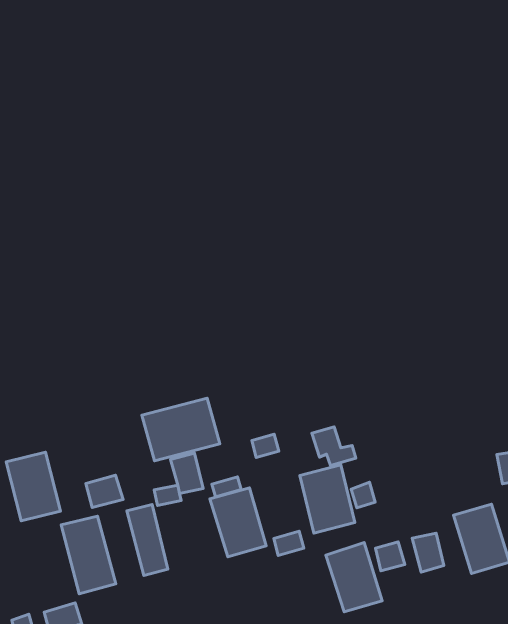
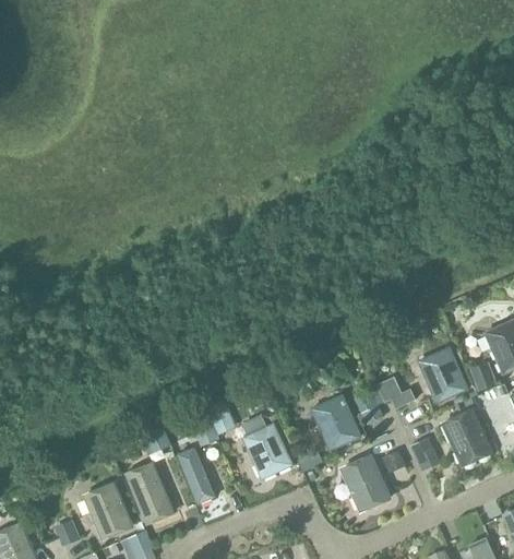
building: [142,398,220,461] -> none
building: none -> [416,345,466,404]
building: [312,427,356,466] -> [378,376,416,407]
building: [6,452,61,521] -> [85,481,134,539]

